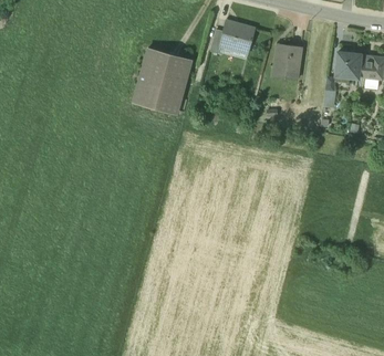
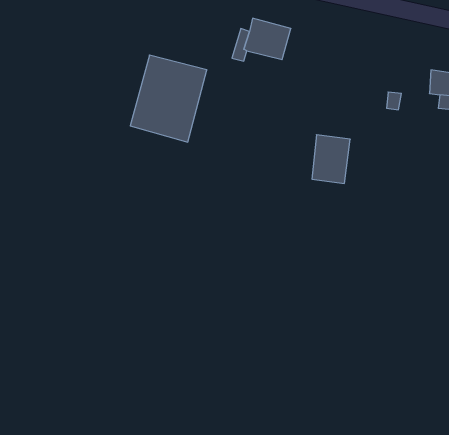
building: [272,42,301,78] -> [312,135,350,183]
building: [336,51,360,76] -> none

